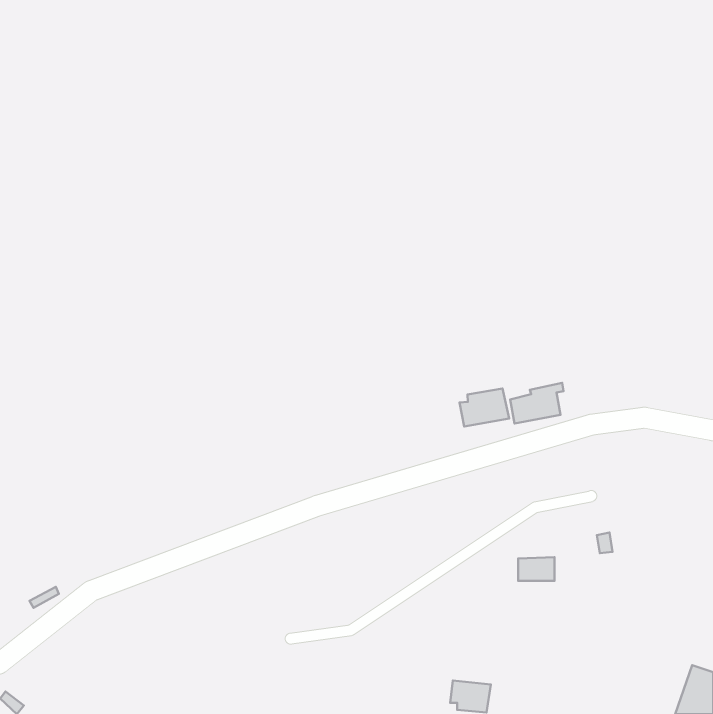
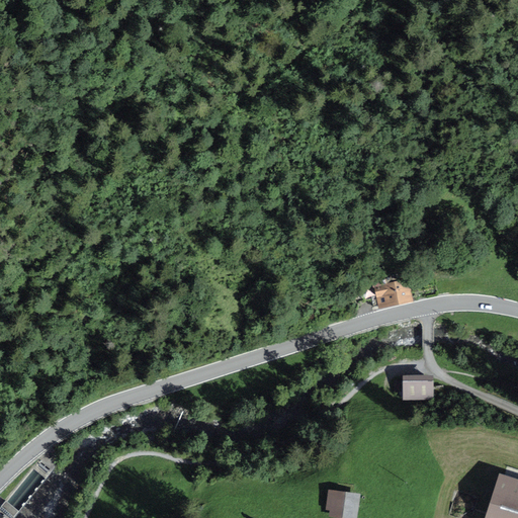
building: [459,389,509,427] -> none
building: [518,557,554,581] -> [404,380,430,398]

